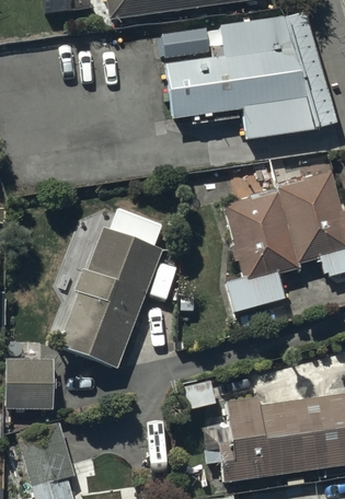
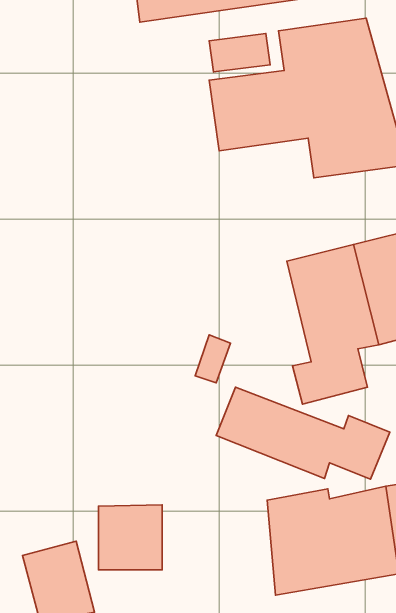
building: [54,210,162,349] -> none
building: none -> [216,387,390,479]
building: [9,360,58,410] -> [98,505,162,570]

